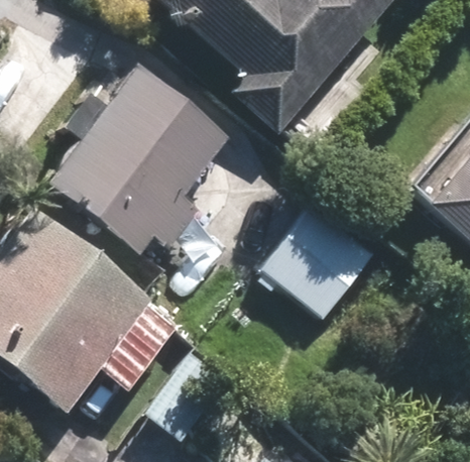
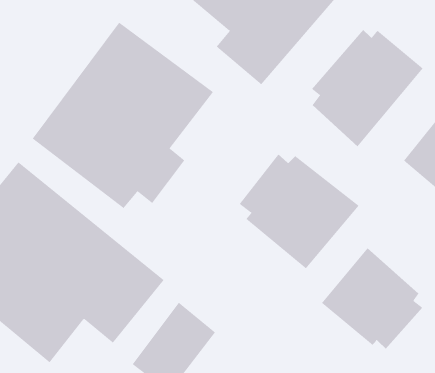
building: none -> [311,29,423,147]
building: none -> [321,247,423,349]

